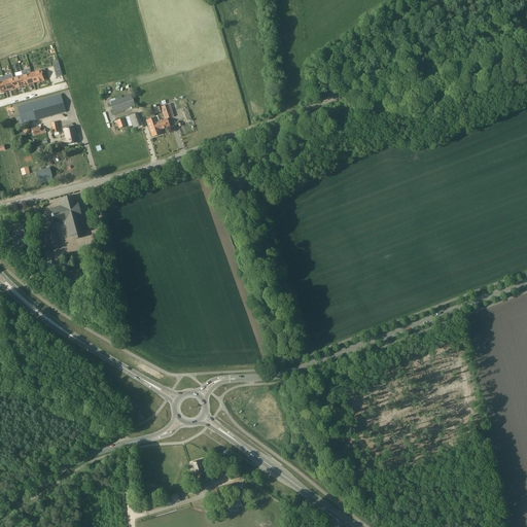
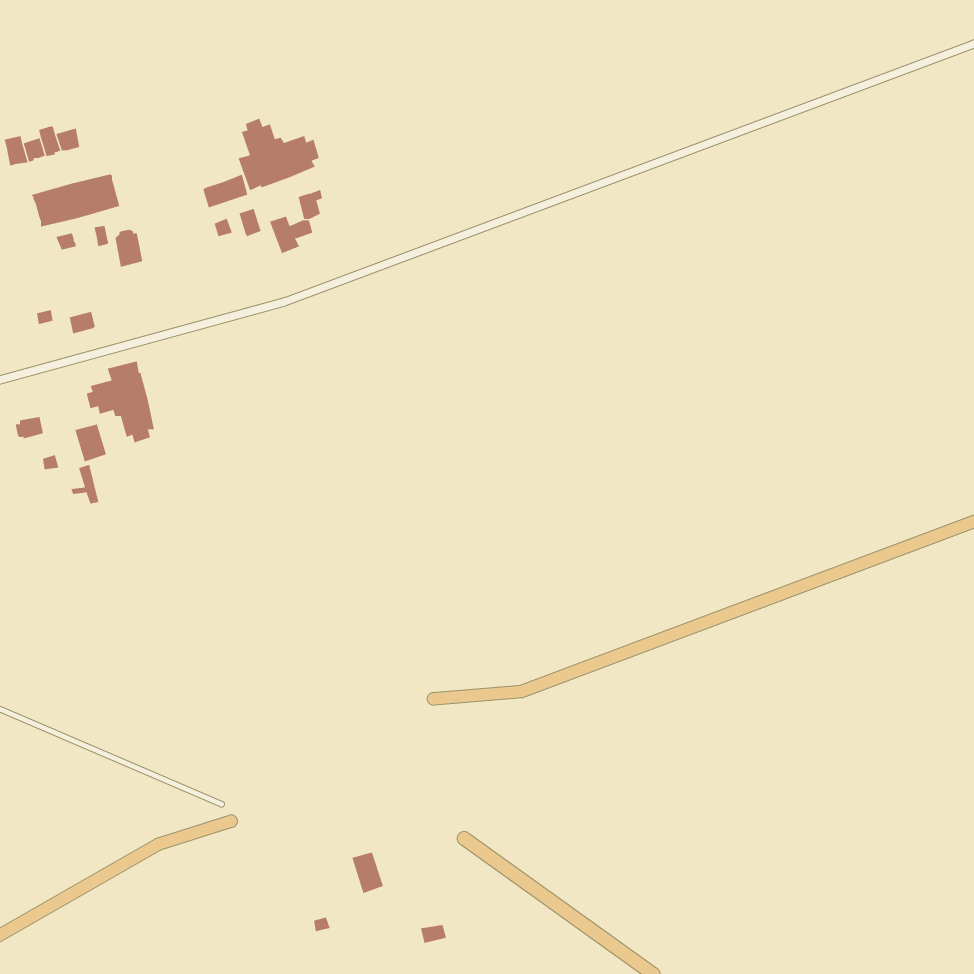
building: none -> [238,118,320,191]

